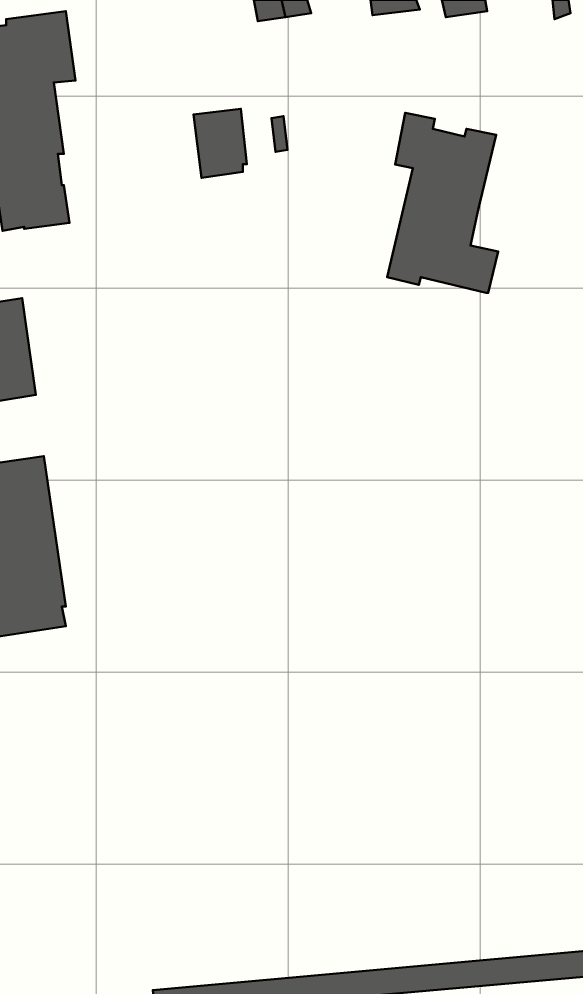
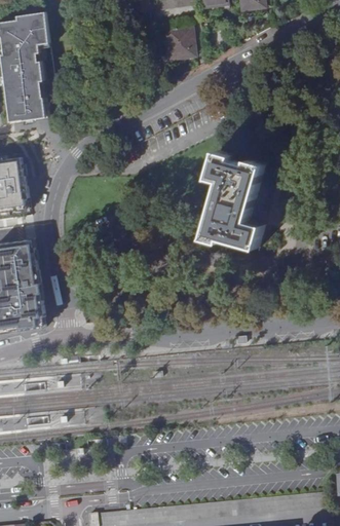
building: [193,109,247,178] -> [165,27,193,63]
building: [387,113,498,293] -> [202,154,260,248]

